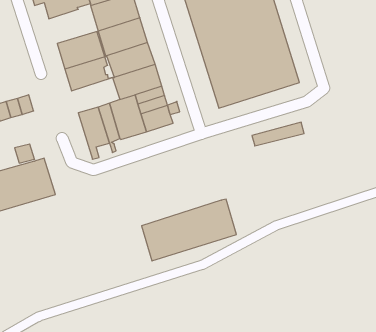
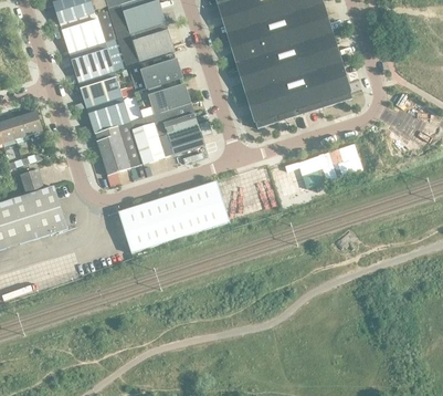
building: none -> [60,8,117,52]
building: none -> [80,92,143,136]
building: [142,199,236,261] -> [118,180,229,252]

